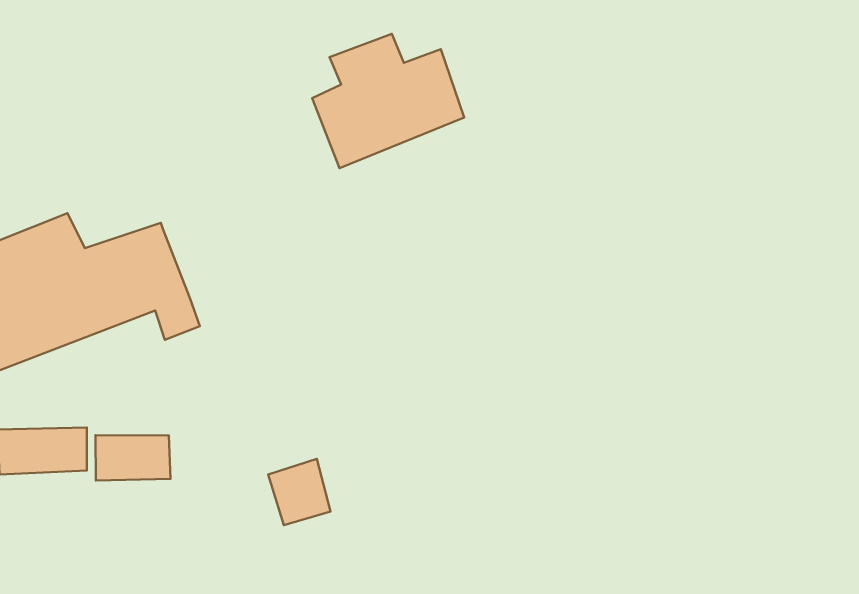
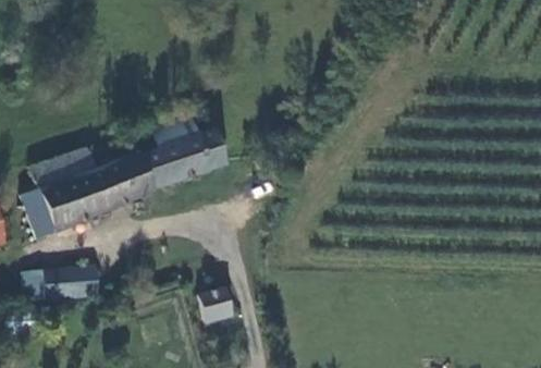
building: [312,34,464,168] -> [140,119,225,194]
building: [96,435,171,480] -> none

